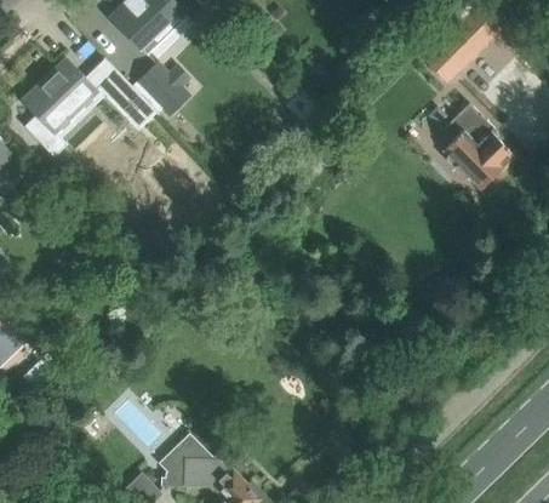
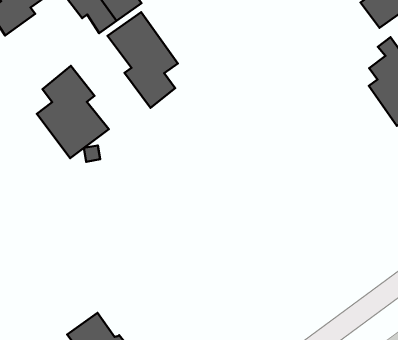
building: none -> [107,12,178,108]
building: none -> [37,66,109,158]

